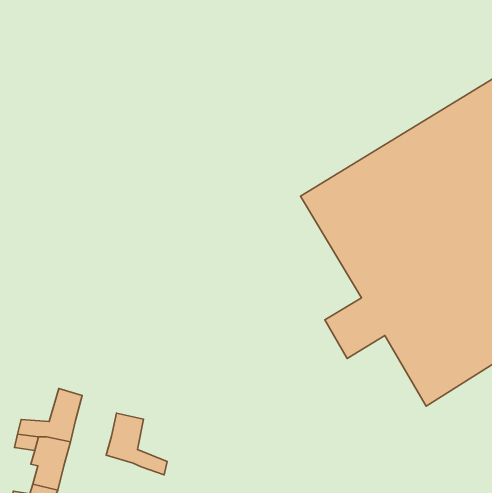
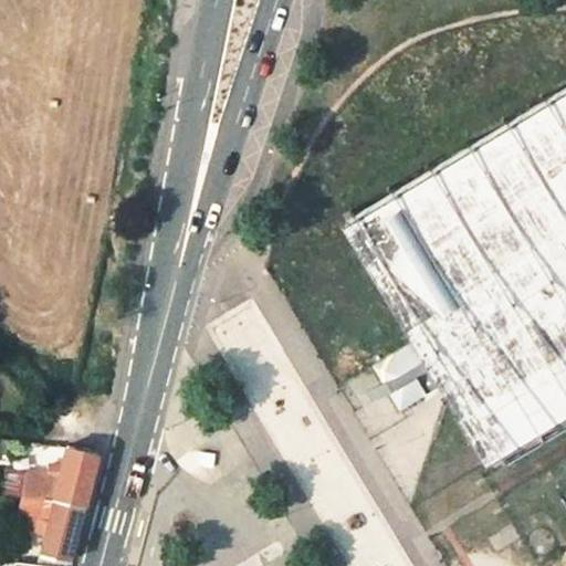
building: [106,413,167,475] -> none

